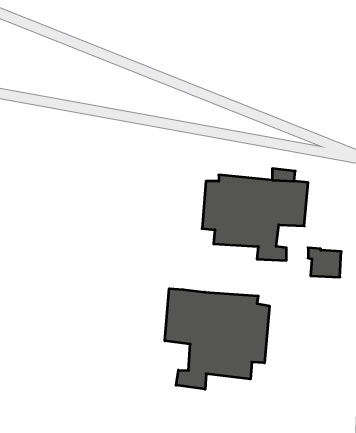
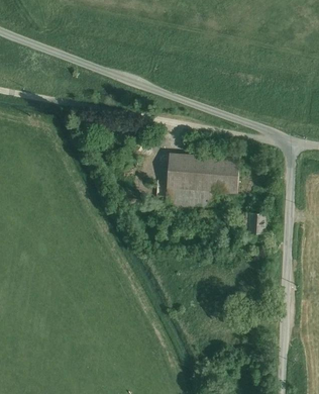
building: [165,289,269,389] -> none

